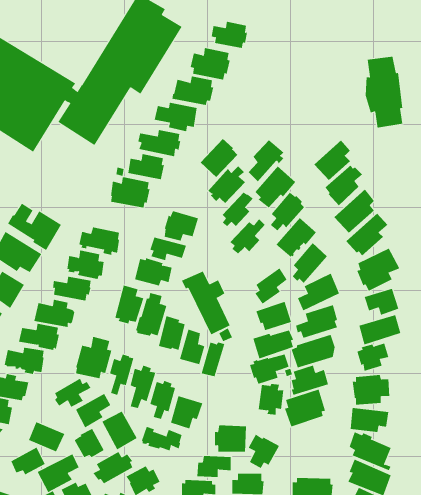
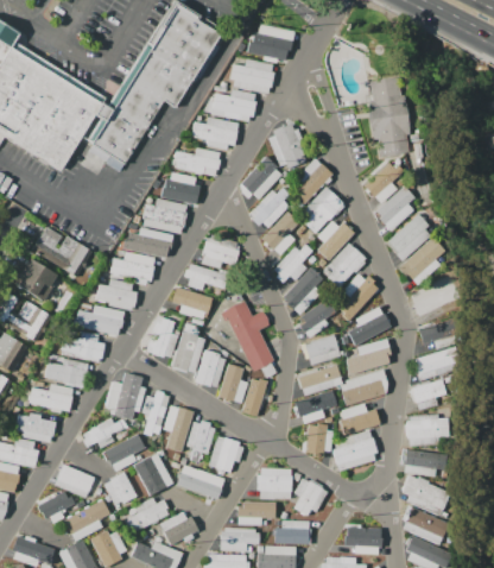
building: [365,56,403,128] -> [368,77,410,156]
building: none -> [268,122,306,168]
building: none -> [127,228,173,257]
building: none -> [283,267,322,314]

